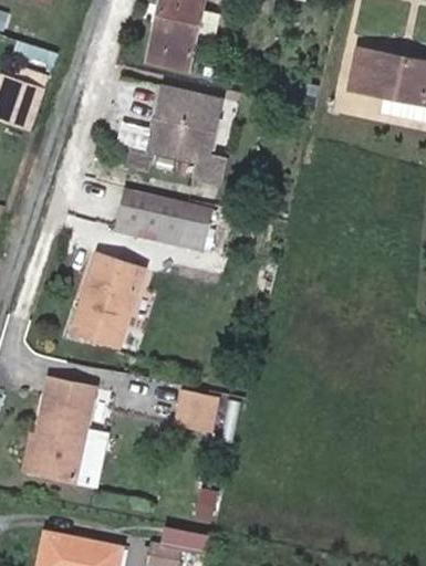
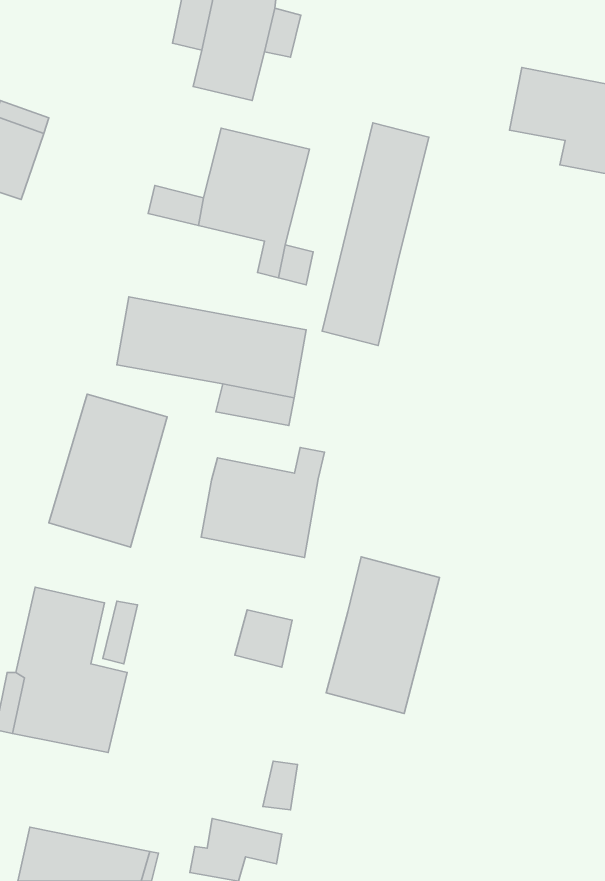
building: none -> [322,123,429,345]
building: none -> [201,448,325,558]
building: none -> [326,557,439,714]

